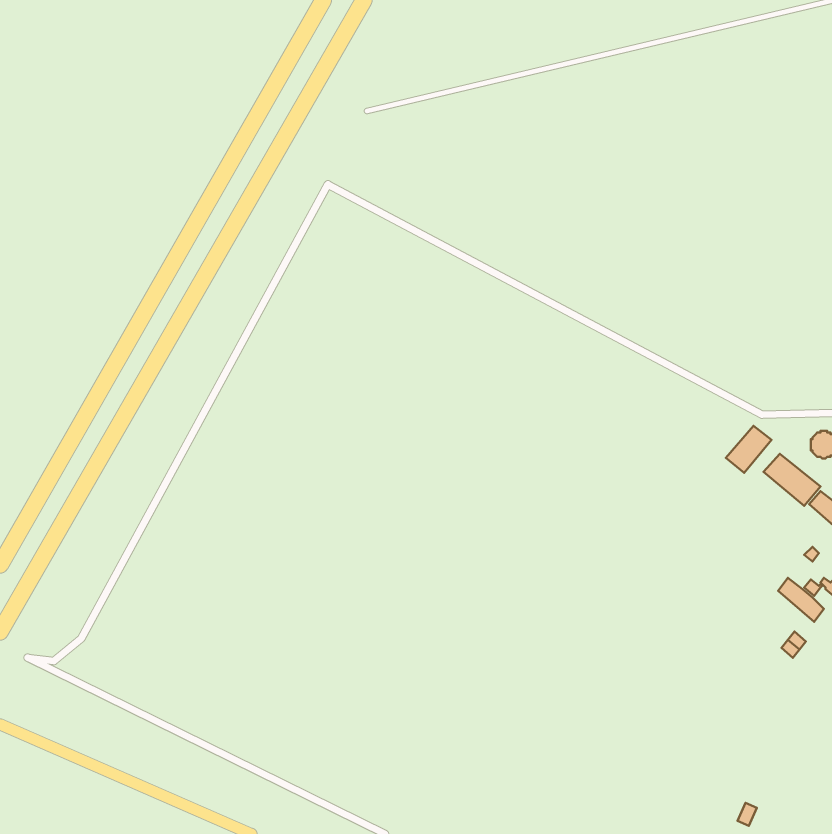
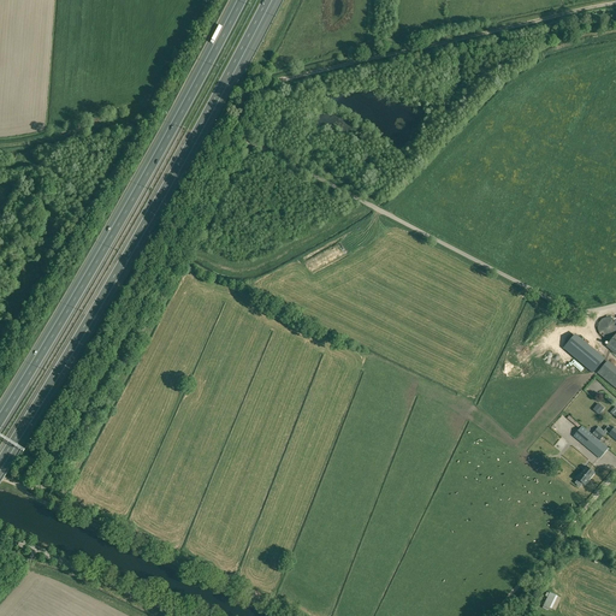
building: [726,426,772,473] -> none

